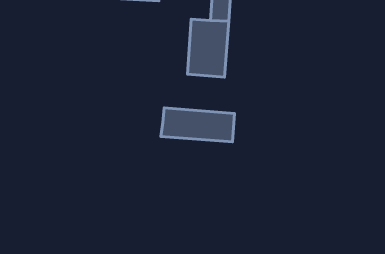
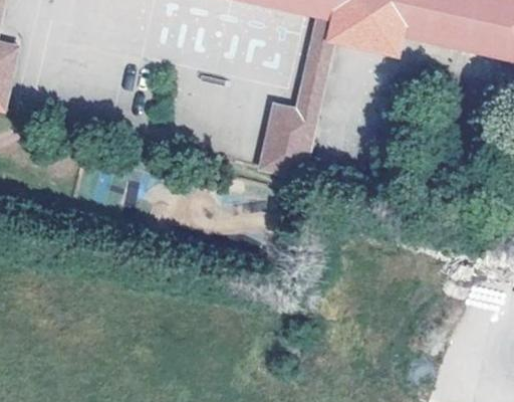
building: [161,108,234,142] -> none

